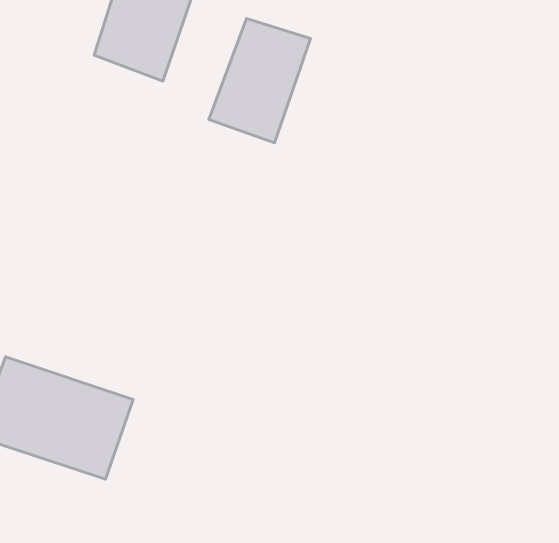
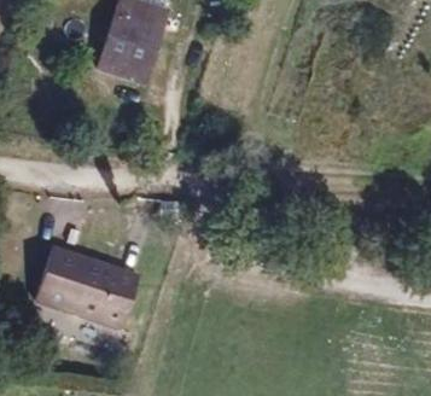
building: [209,19,311,143] -> none

